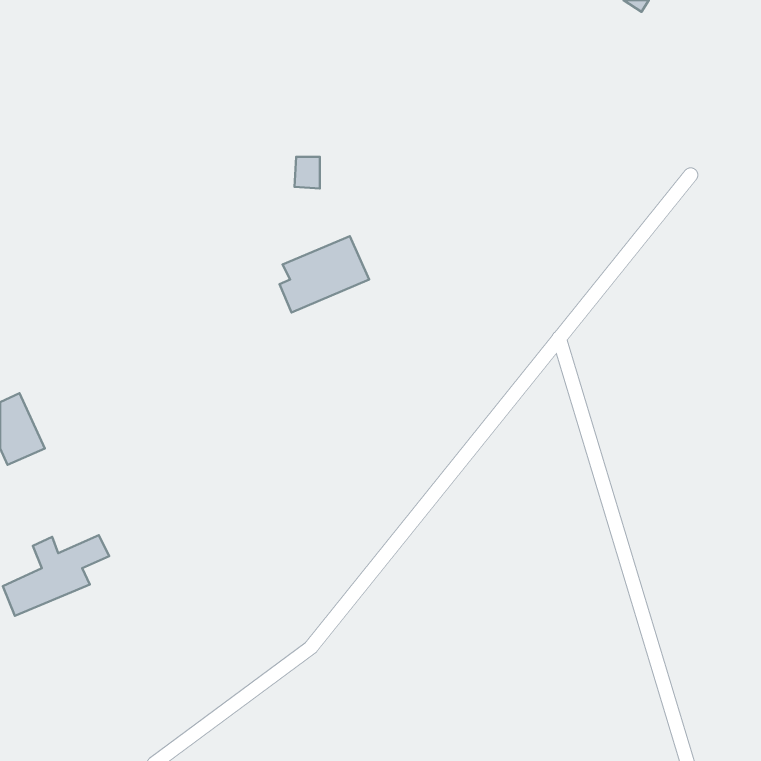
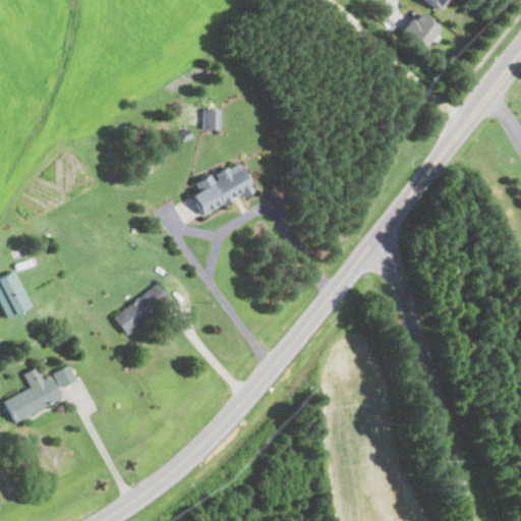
building: none -> [402,11,439,48]
building: none -> [113,286,172,336]

